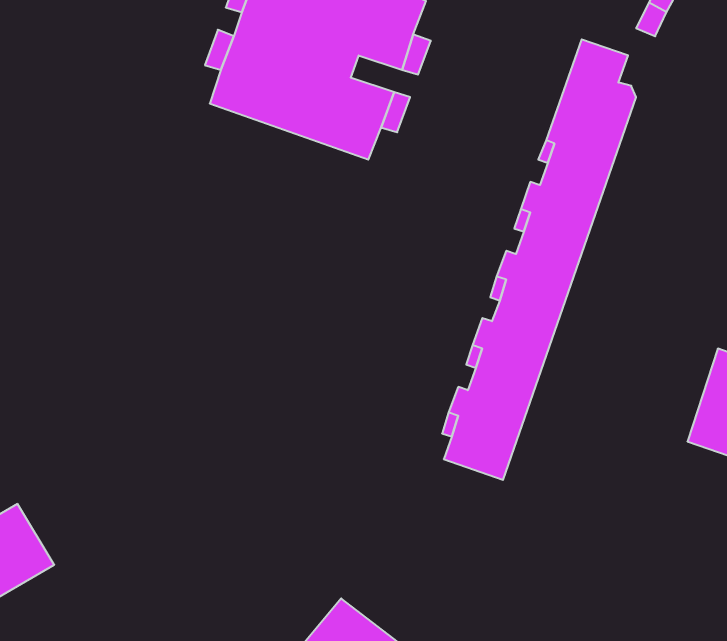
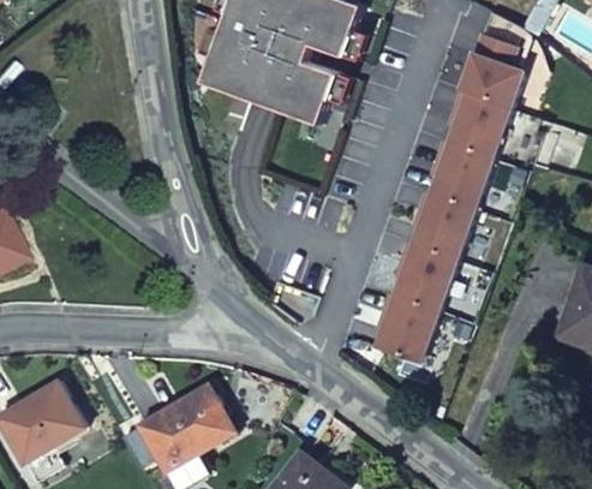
building: none -> [121,383,237,470]

